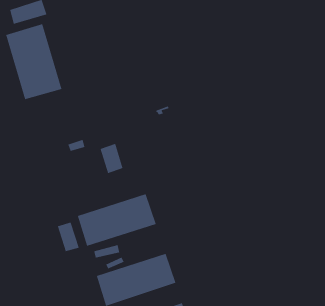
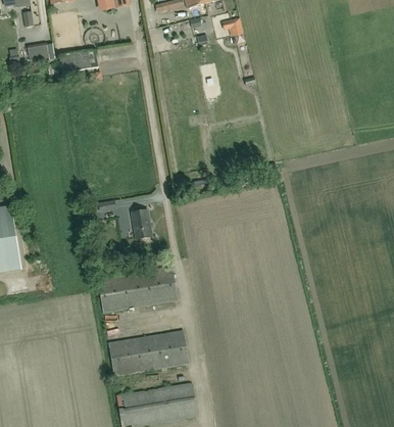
building: [5,23,63,100] -> none
building: [57,222,80,252] -> none

